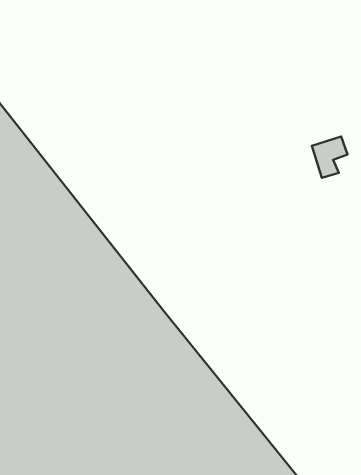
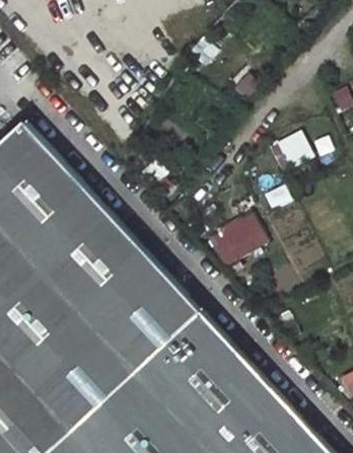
building: none -> [209,210,270,268]

